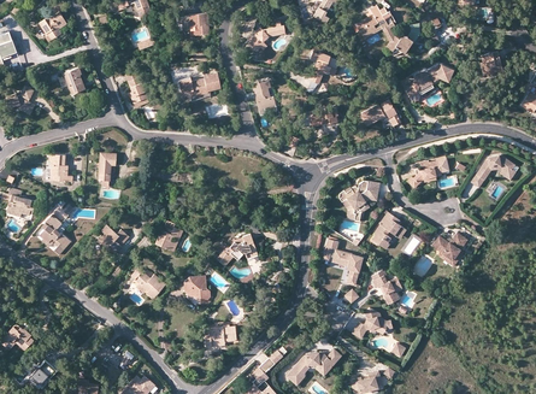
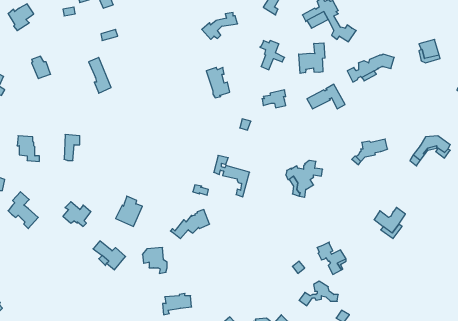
building: [178,13,210,35] -> none
building: none -> [299,43,325,73]
building: [179,72,220,98] -> none
building: [371,212,405,248] -> none
building: [324,239,363,283] -> [214,155,250,197]

